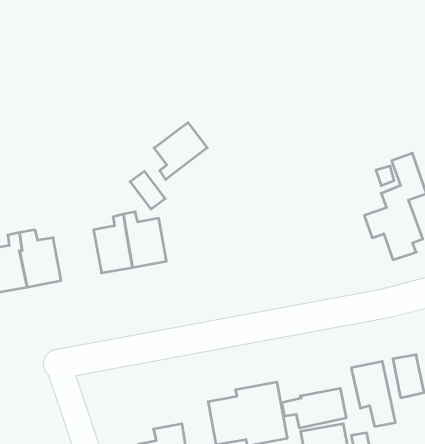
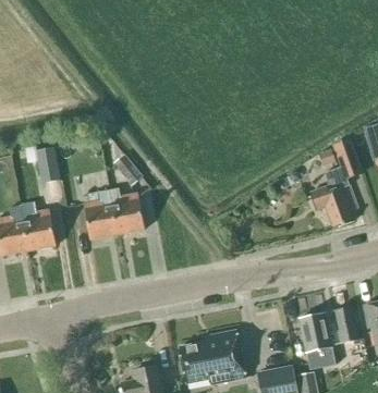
building: [154,123,207,180] -> none
building: none -> [37,147,61,182]
building: [282,388,346,428] -> none

